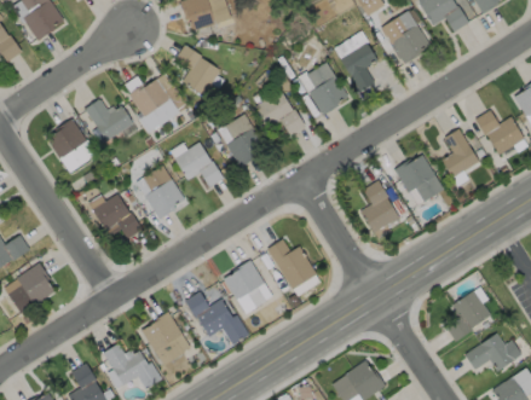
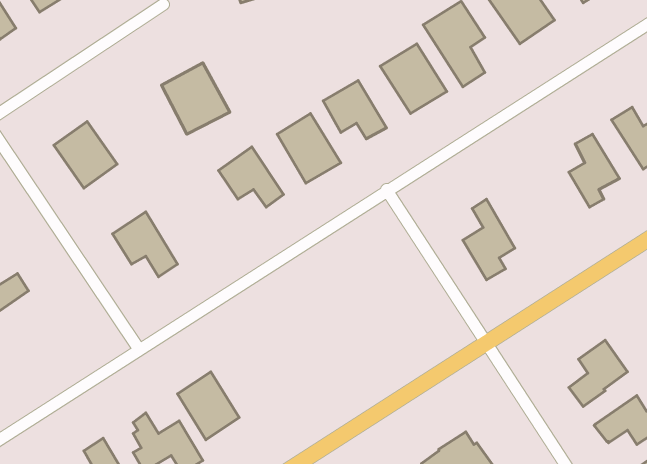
building: [175,45,231,102] -> none
building: [86,102,138,145] -> none
building: [393,156,444,208] -> none
building: [138,167,187,219] -> none
building: [270,240,318,290] -> none
building: [225,262,269,315] -> none
building: [13,263,59,313] -> none
building: [185,290,248,343] -> none

